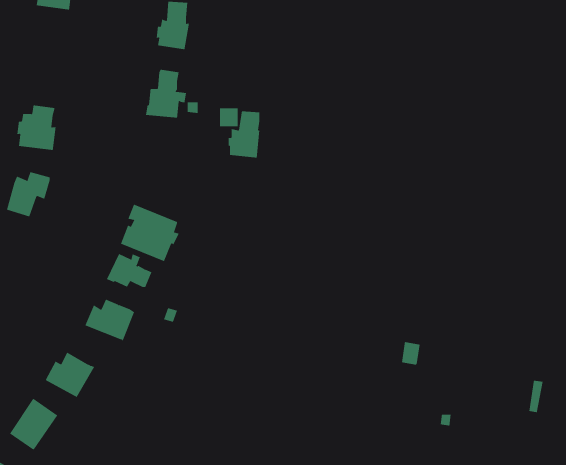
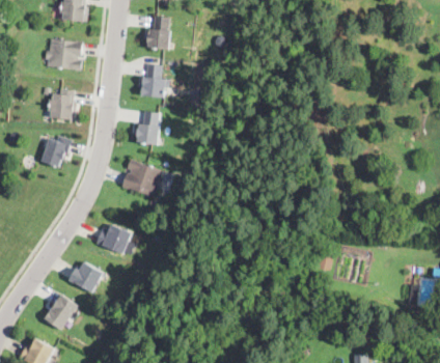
building: none -> [44,38,82,68]
building: [228,111,260,158] -> [135,111,158,144]
building: [106,253,152,288] -> none

